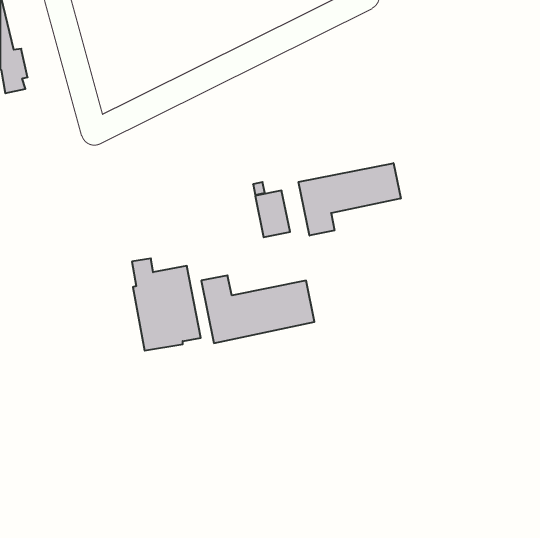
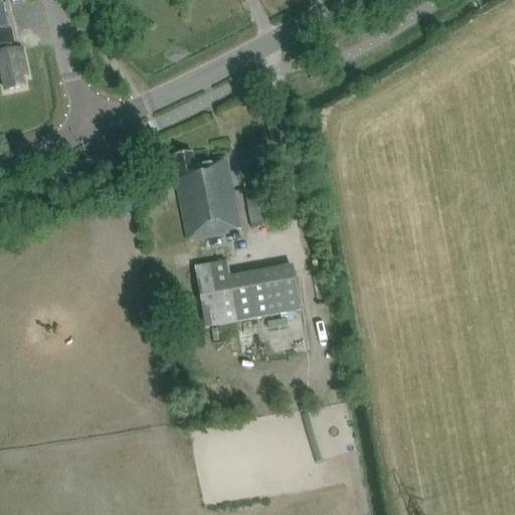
building: [299,163,401,236] -> none
building: [132,258,201,351] -> [174,150,239,237]

